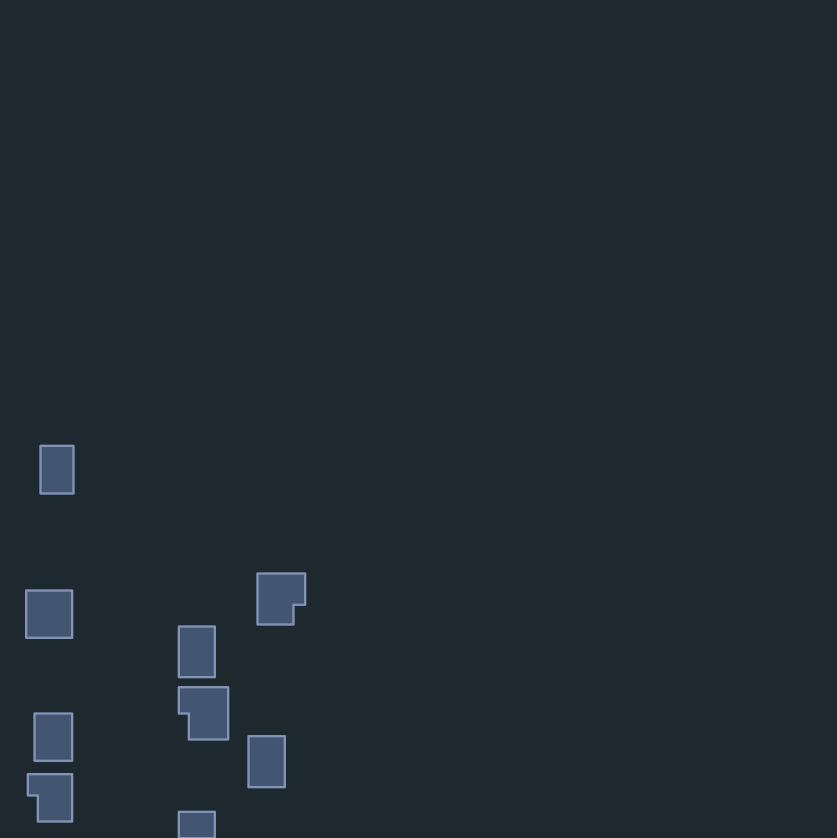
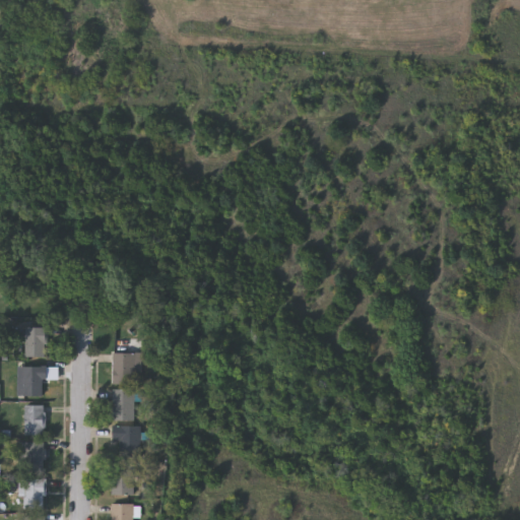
building: [41,446,73,493] -> [25,327,46,356]
building: [257,574,305,624] -> [112,352,141,384]
building: none -> [25,405,46,434]
building: [249,736,285,787] -> [112,463,134,495]

